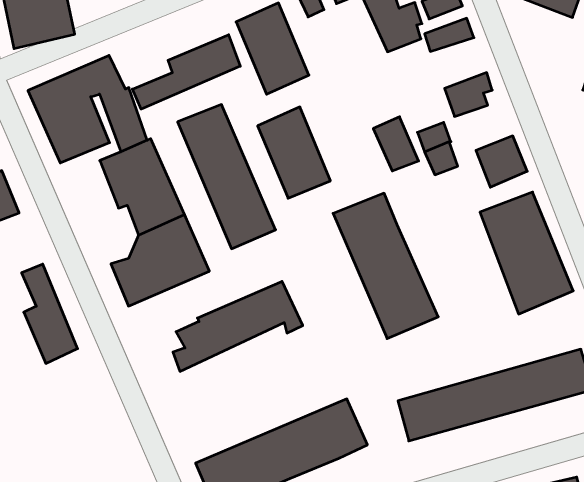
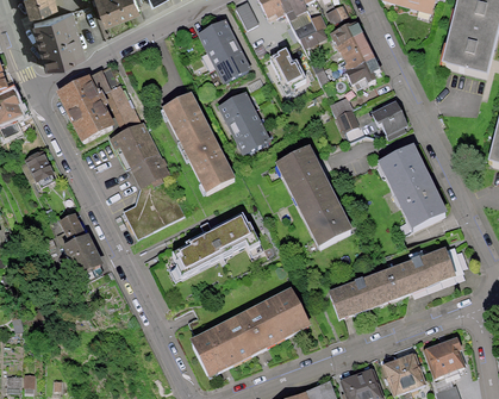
building: [132,35,240,109] -> none
building: none -> [333,35,374,71]
building: [373,117,419,171] -> [270,50,304,88]

